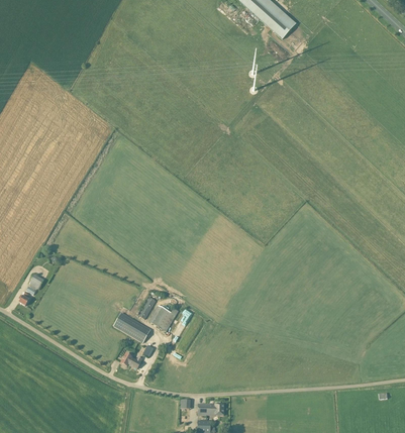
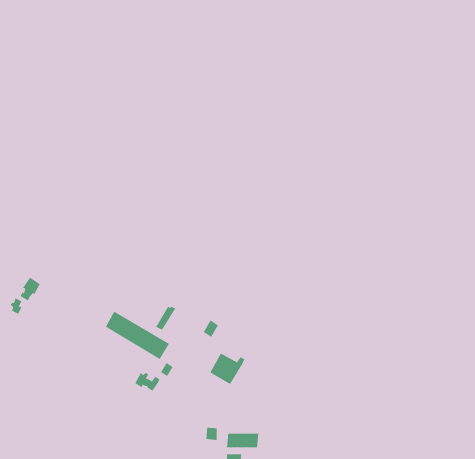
building: [148,305,178,331] -> [210,353,245,385]

